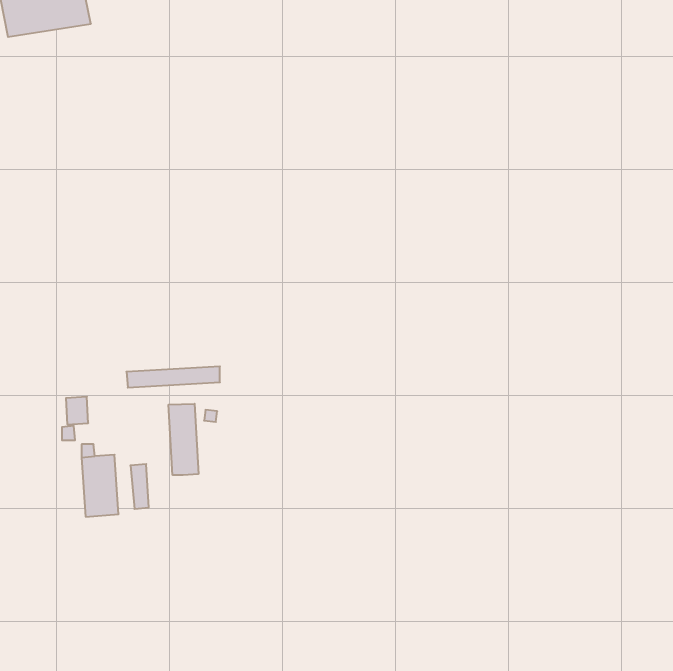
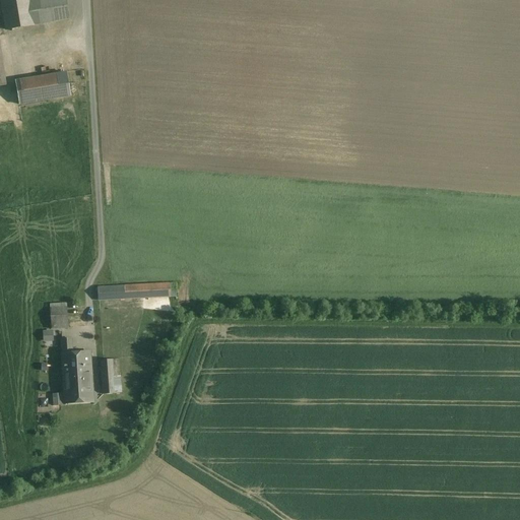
building: none -> [15,71,71,103]
building: [169,404,198,475] -> none

